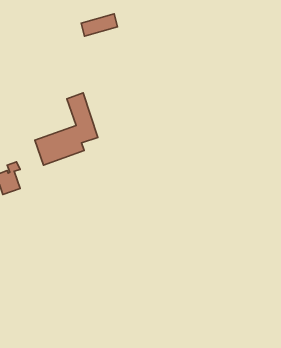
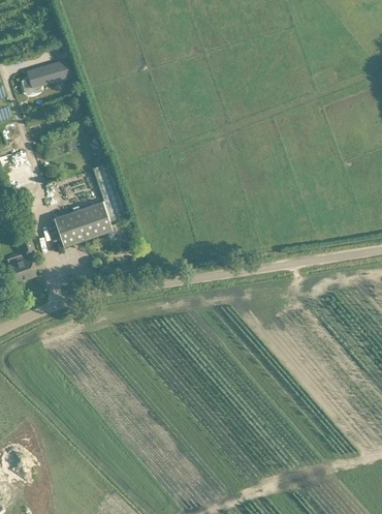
building: [81,14,117,36] -> [28,60,71,87]

